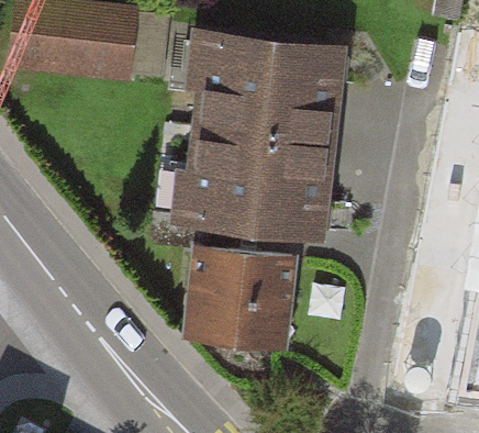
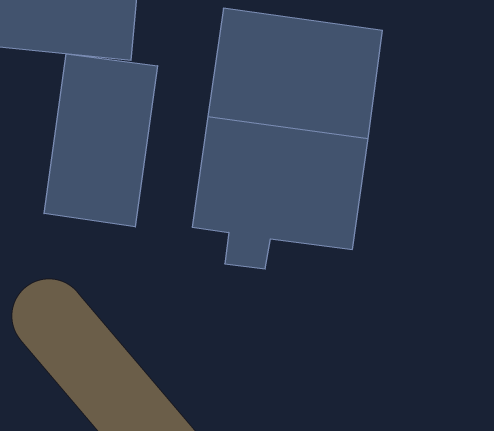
building: none -> [44,54,158,227]
building: [191,248,297,351] -> none

